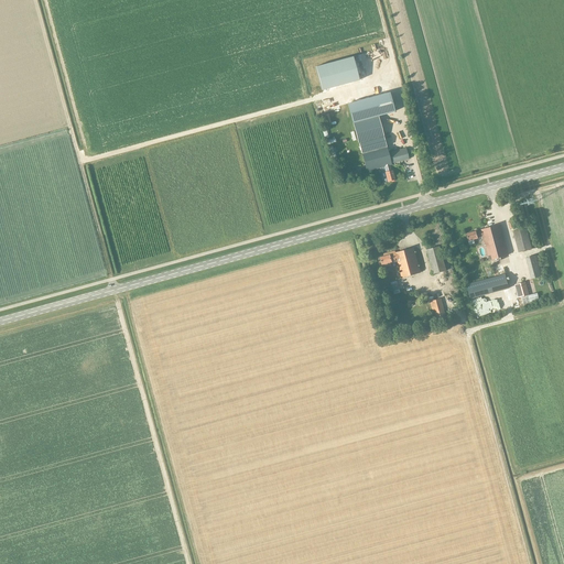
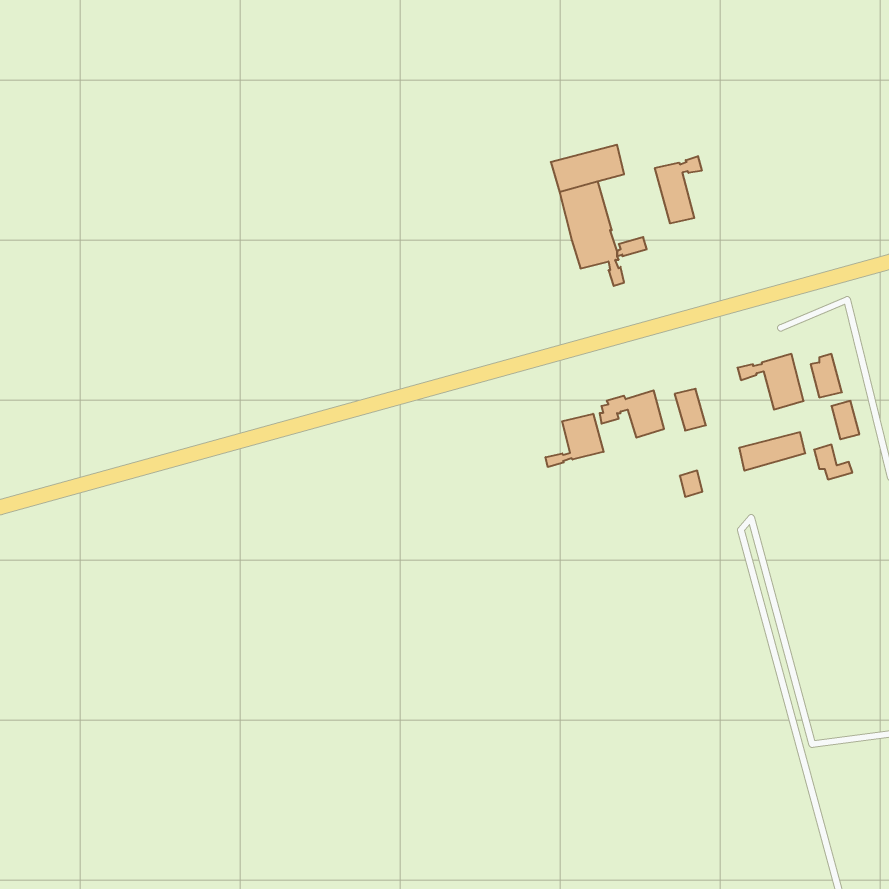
building: [316,56,360,89] -> none
building: none -> [655,156,702,223]
building: none -> [546,414,604,467]

